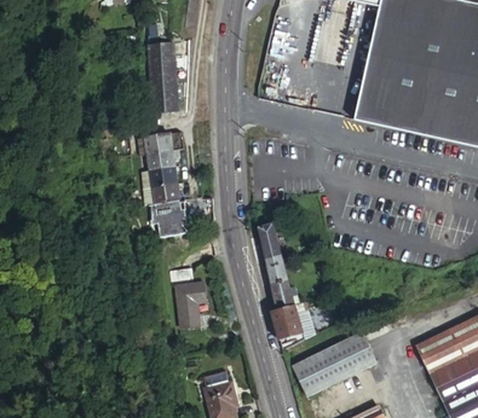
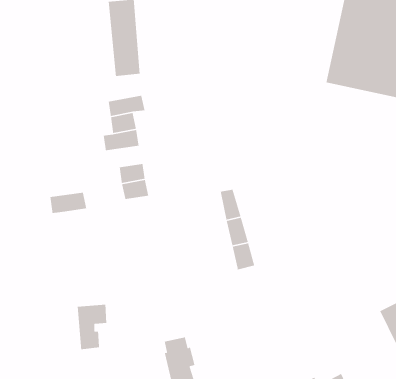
building: [145,184,183,205] -> [50,192,87,214]
building: [174,281,205,327] -> [77,304,107,350]
building: [270,301,305,338] -> none
building: [293,332,376,396] -> none

